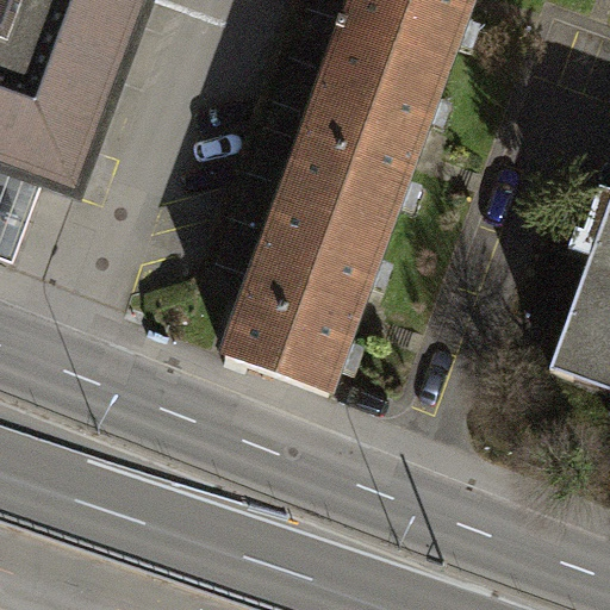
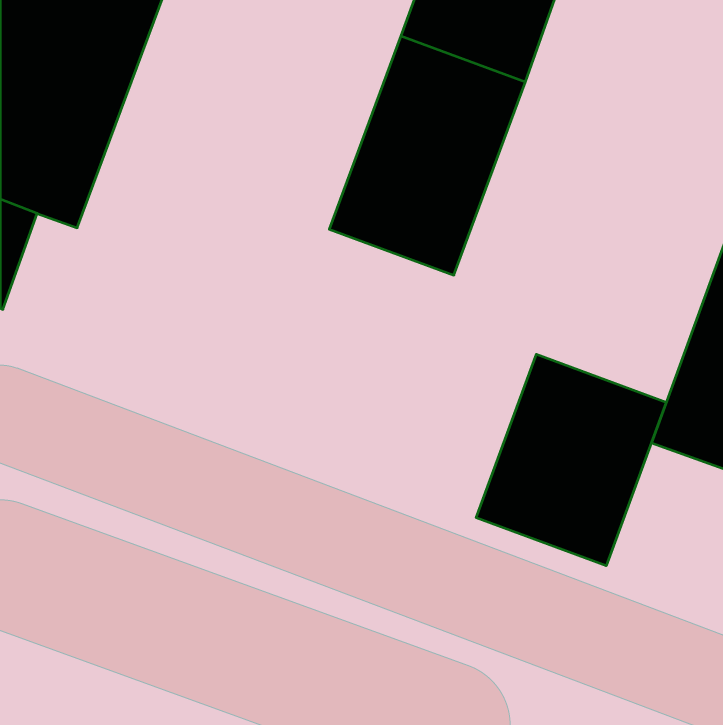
building: [223,191,385,390] -> none
building: none -> [476,354,666,566]

